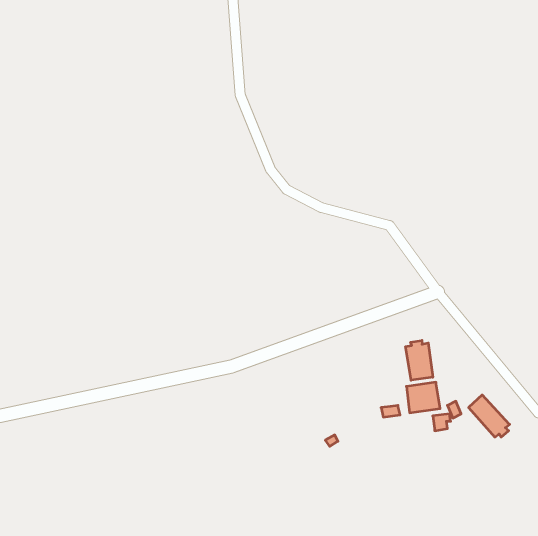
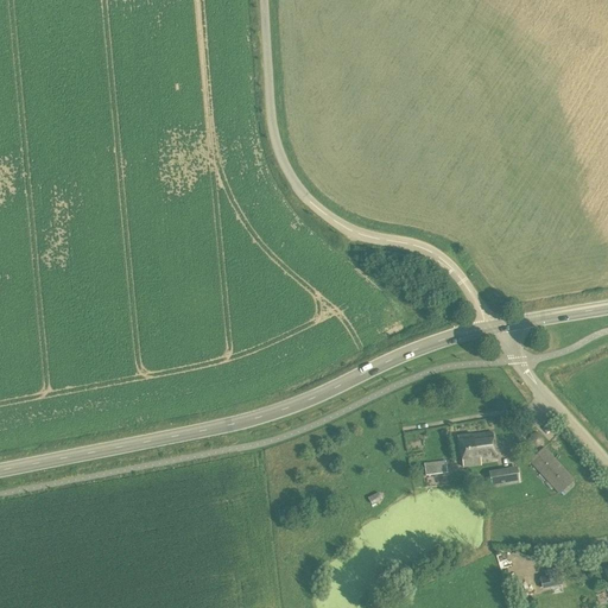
building: [406,340,433,380] -> none

